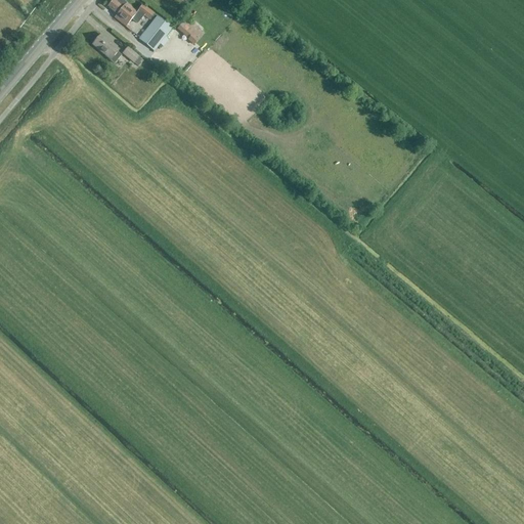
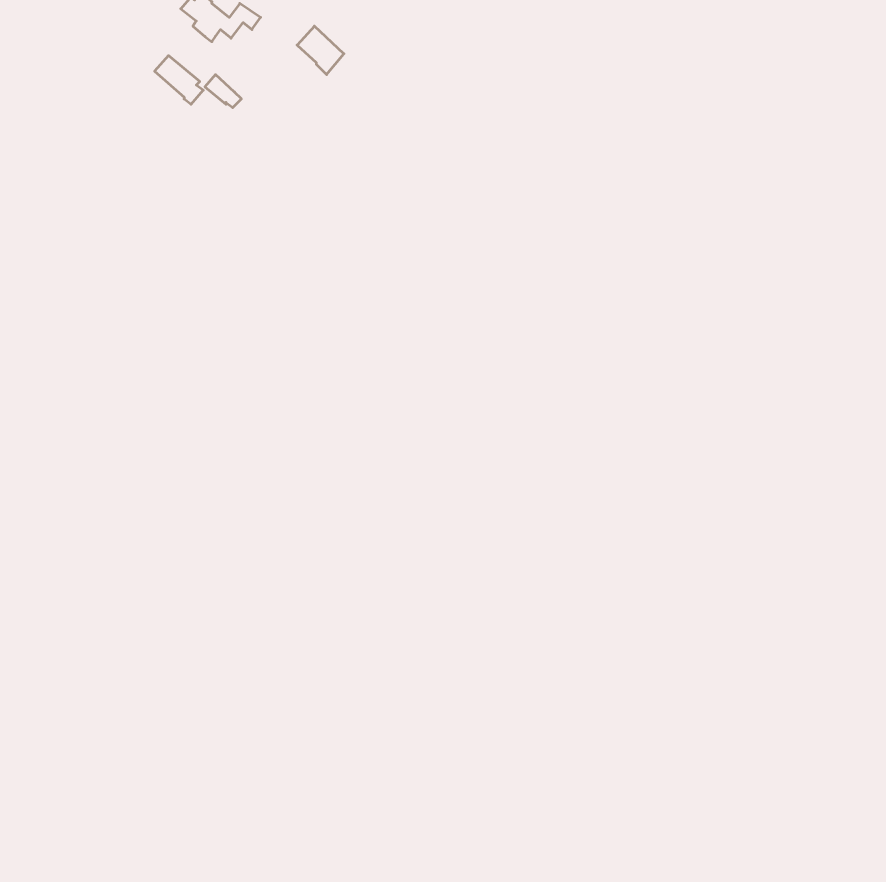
building: [137,13,172,49] -> none

